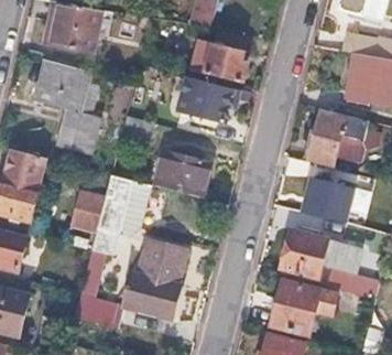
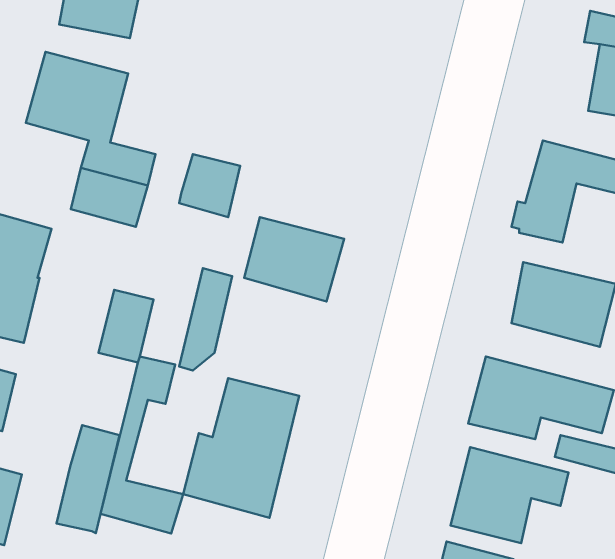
building: [195,42,246,84] -> none
building: [168,75,232,122] -> none
building: [96,174,131,235] -> [56,425,119,533]

